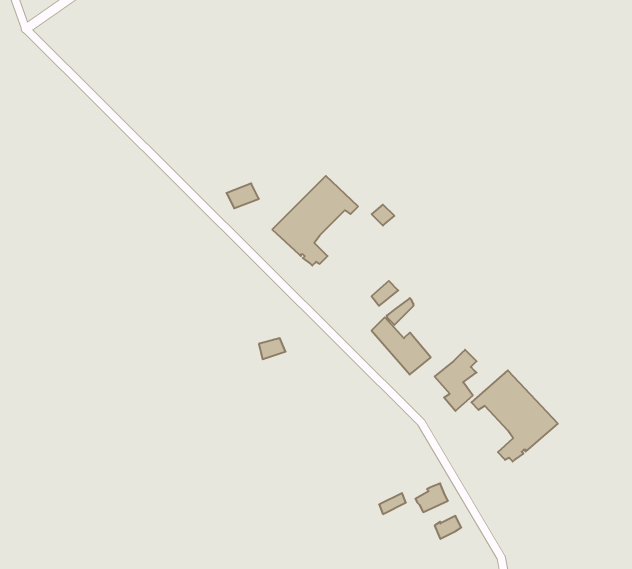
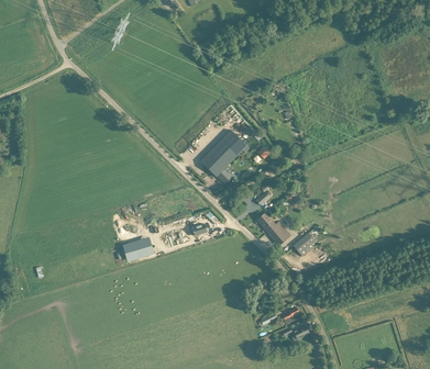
building: none -> [122,236,153,260]
building: [471,370,558,462] -> none

